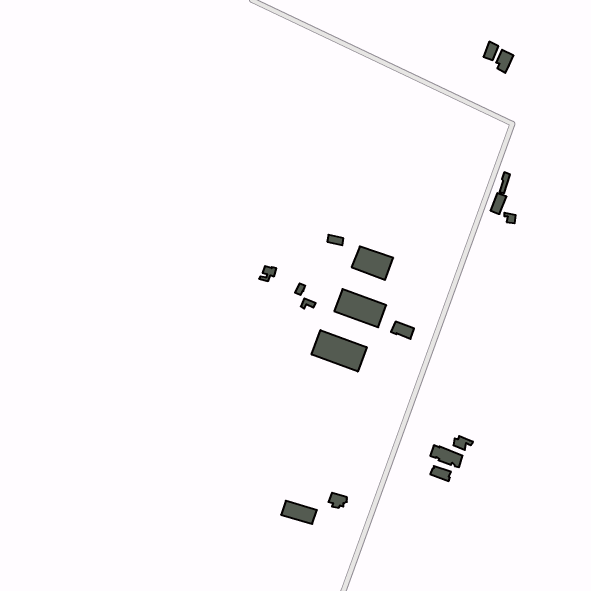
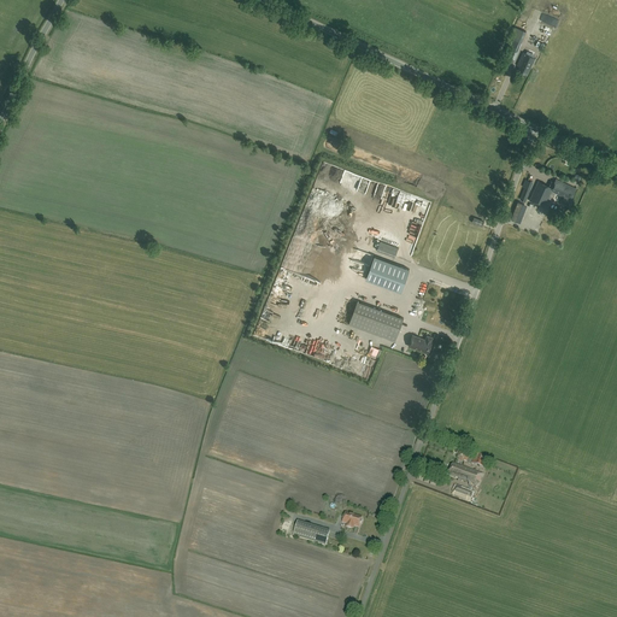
building: none -> [530,180,576,207]
building: [312,330,367,372] -> none

